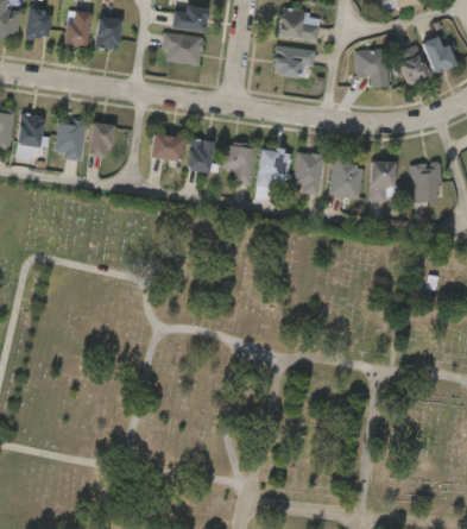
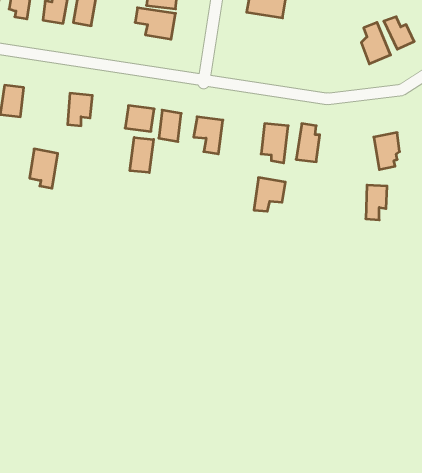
building: [273,44,316,78] -> none
building: [355,45,390,87] -> none
building: [58,115,88,157] -> [30,149,58,188]
building: [257,151,290,187] -> [254,178,285,211]
building: [371,163,393,200] -> [366,185,387,220]
building: none -> [130,137,154,173]

